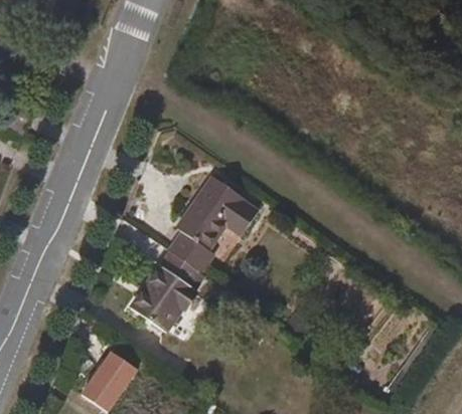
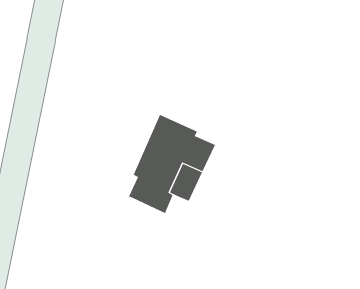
building: [130,250,199,332] -> none

